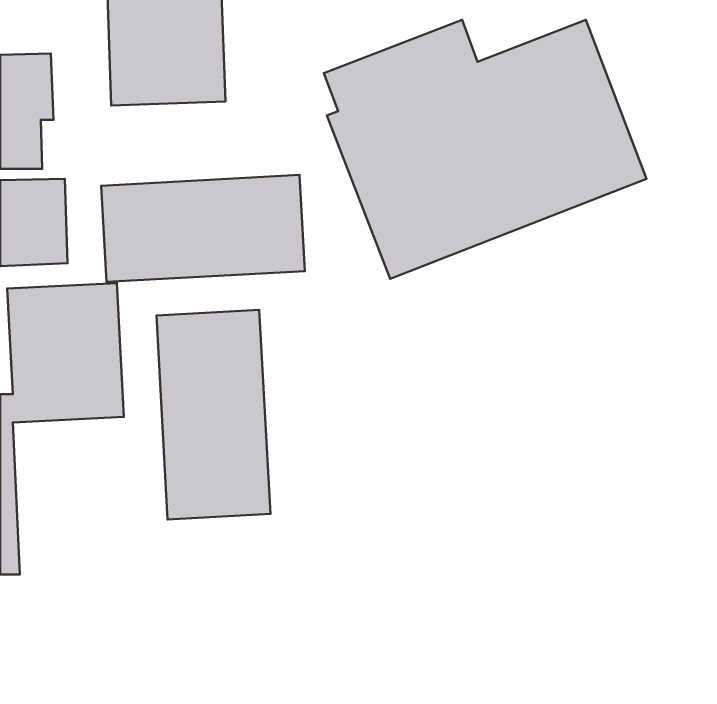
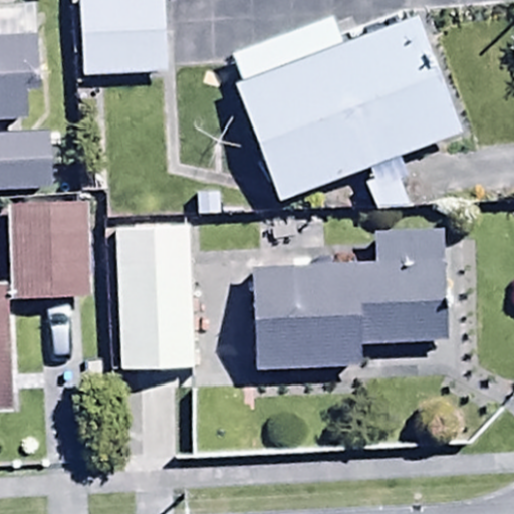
building: [101,175,305,282] -> none
building: none -> [250,230,450,370]

